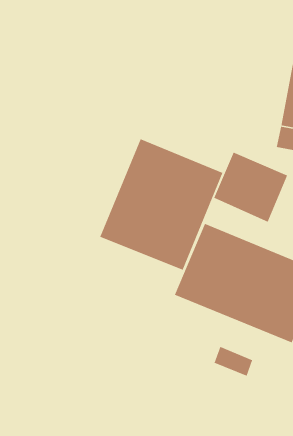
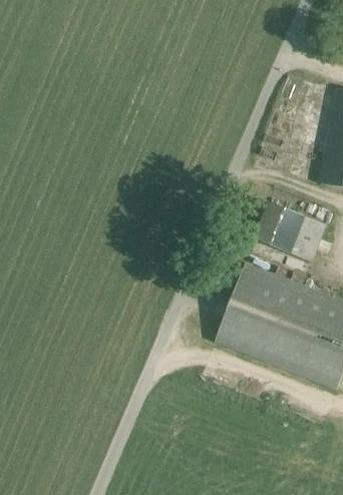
building: [99,138,223,271] -> none
building: [213,346,253,377] -> none

